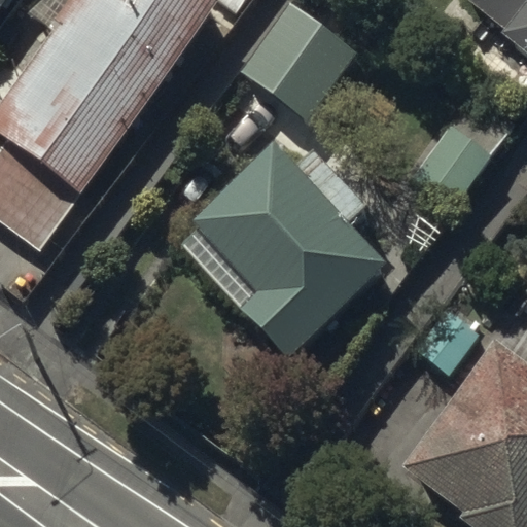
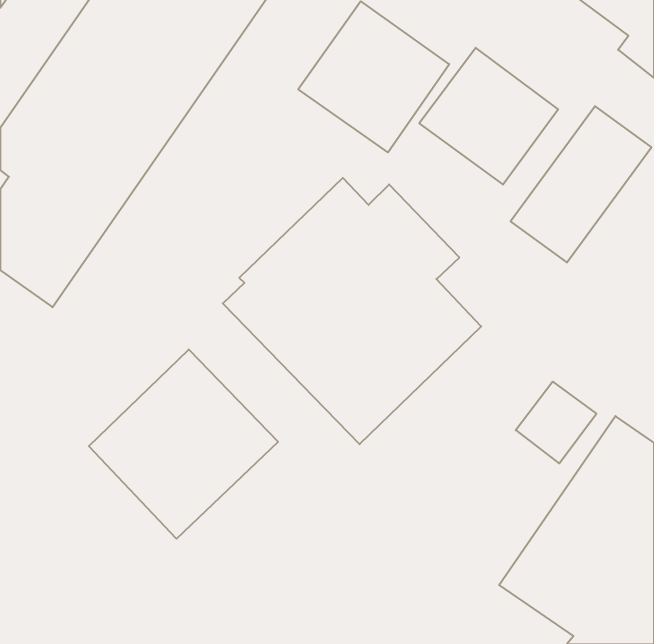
building: none -> [419,48,558,185]
building: none -> [89,349,278,539]

